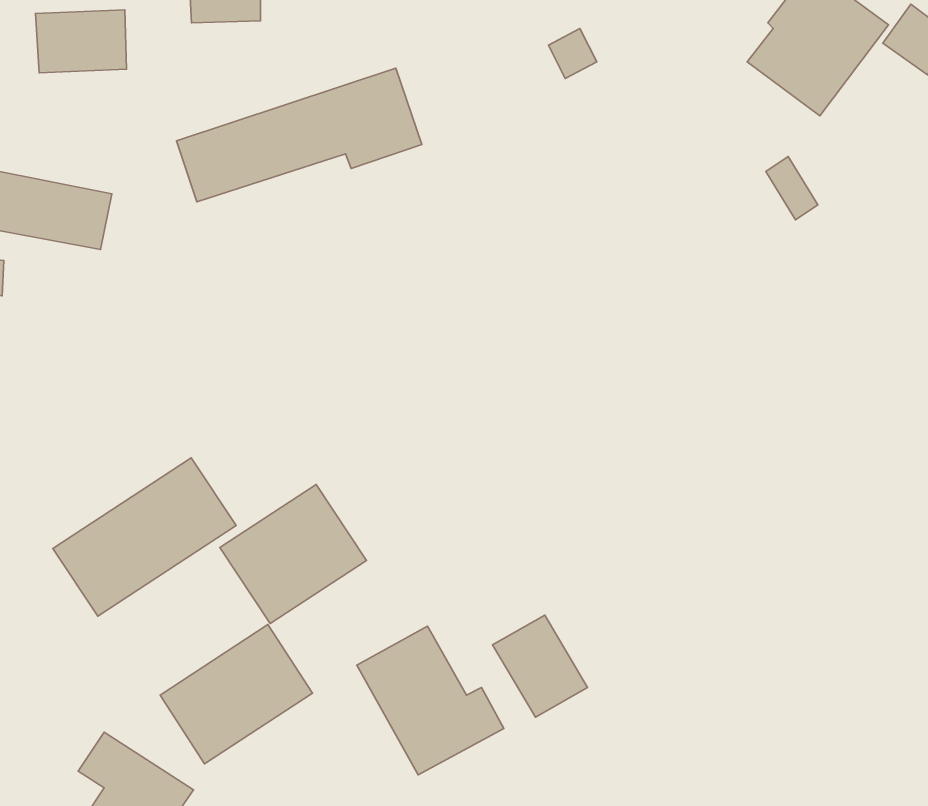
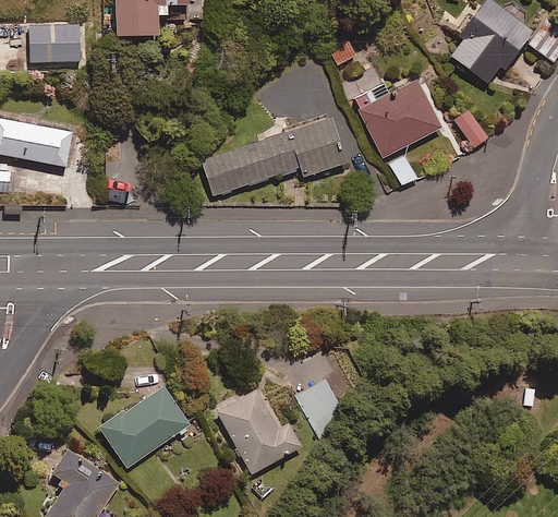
building: [176,68,422,202] -> [202,117,345,195]
building: none -> [354,80,441,157]
building: [53,458,236,616] -> none
building: [220,484,366,624] -> none

